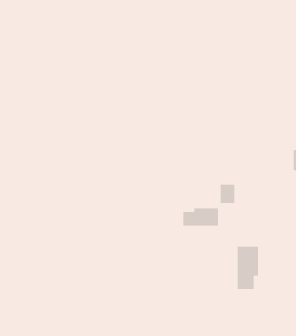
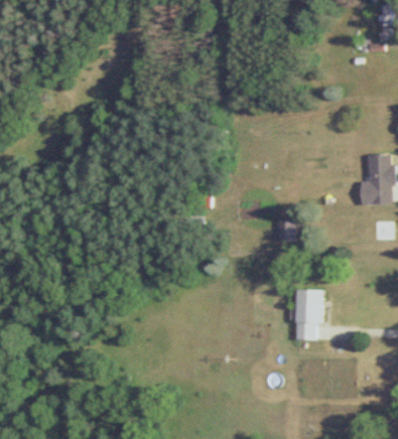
building: [183,207,218,226] -> none

